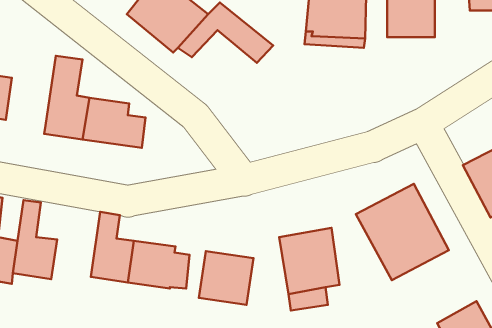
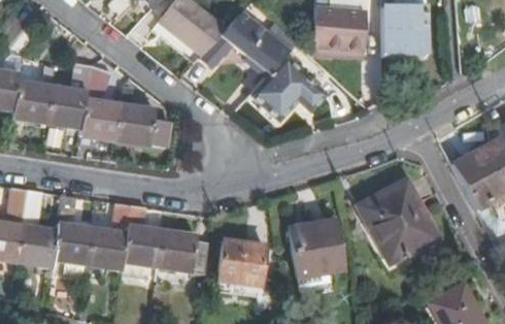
building: none -> [250,55,326,118]
building: none -> [46,63,91,127]
building: none -> [87,201,130,268]

